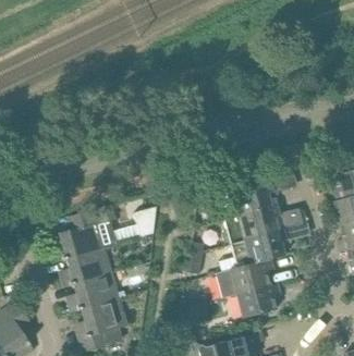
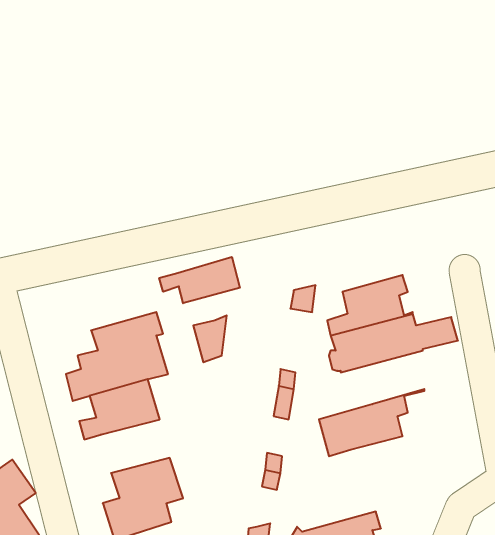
building: none -> [159,257,240,303]
building: [215,230,286,274] -> none
building: [68,274,119,312] -> none
building: [236,285,277,319] -> none

